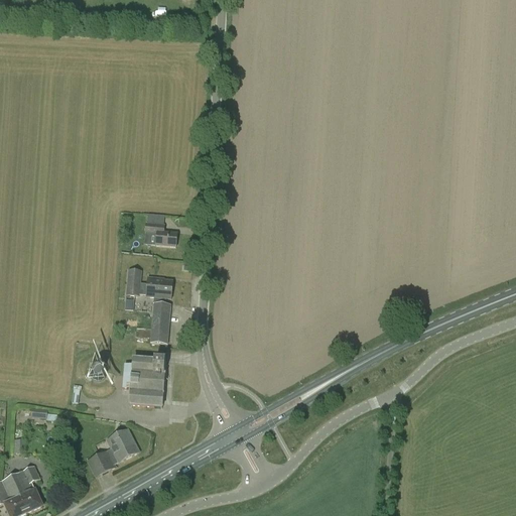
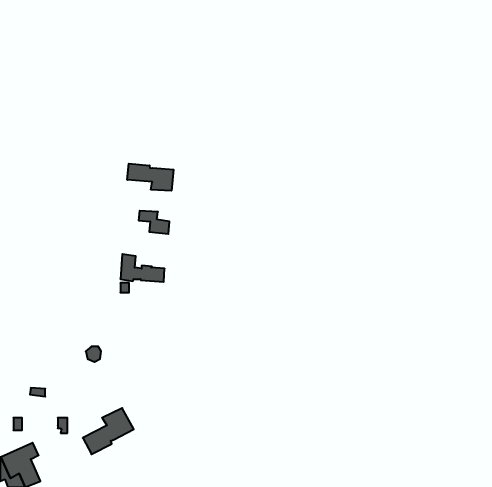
building: none -> [127,164,174,191]
building: [150,299,171,342] -> none
building: [130,356,165,405] -> none

